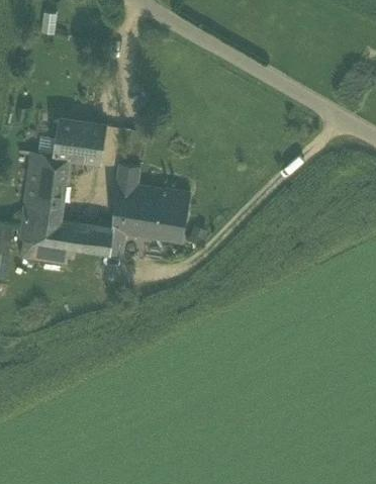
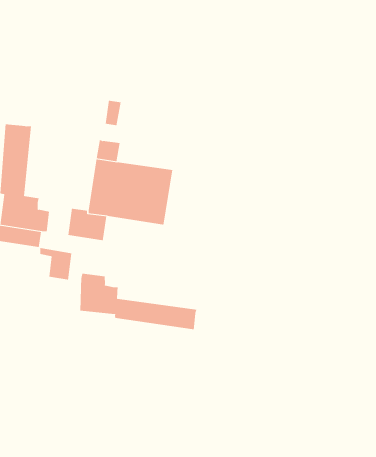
building: [54,117,101,160] -> none
building: [65,223,94,253] -> [40,248,72,280]
building: none -> [80,273,197,330]

